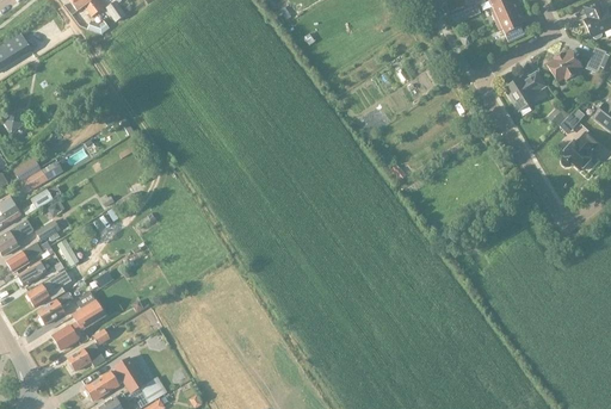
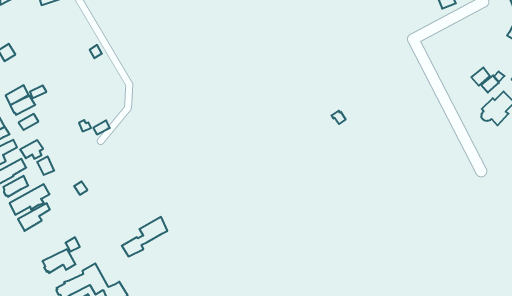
building: [548,49,582,81] -> none
building: [506,72,547,110] -> none
building: [55,300,106,348] -> [122,217,167,256]

